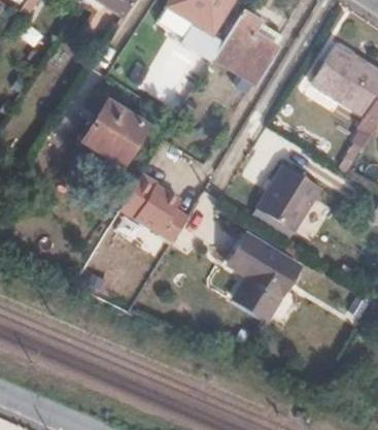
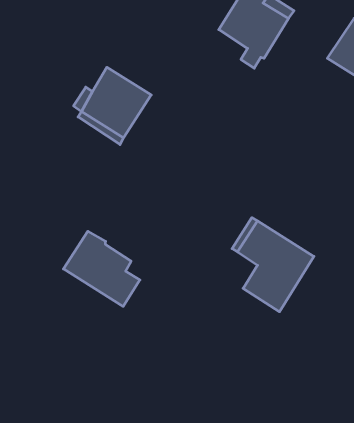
building: [121,166,192,236] -> [63,231,140,306]
building: [257,166,322,232] -> none

